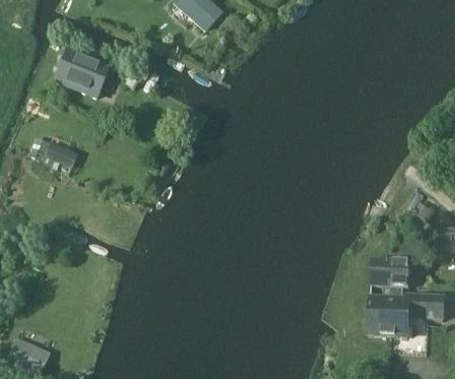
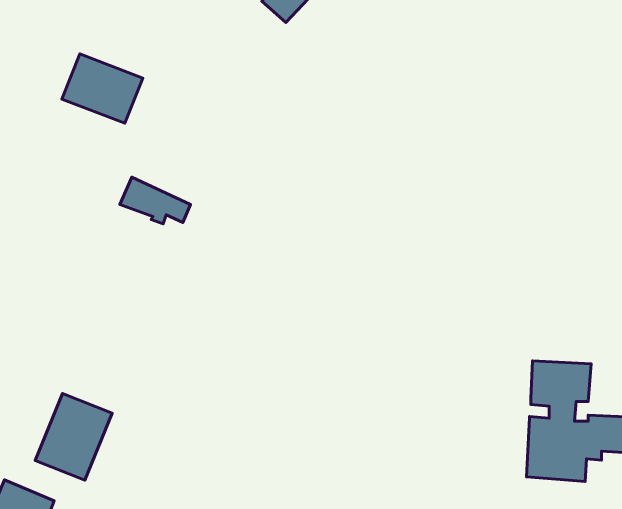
building: [27,136,75,168] -> [120,177,190,224]
building: none -> [35,394,112,480]

